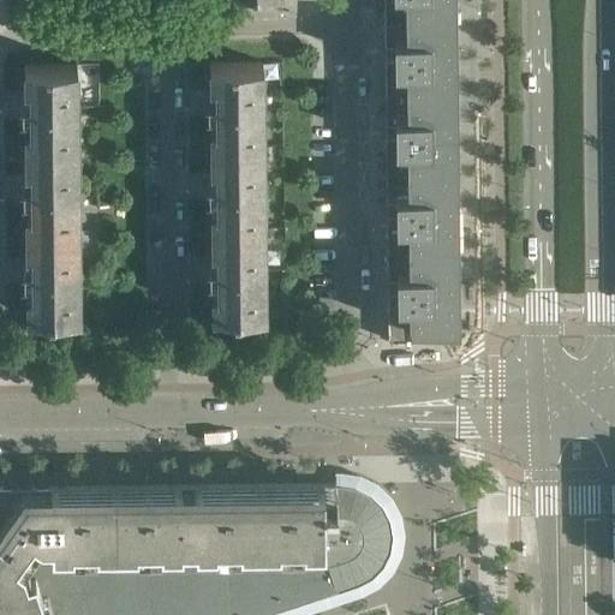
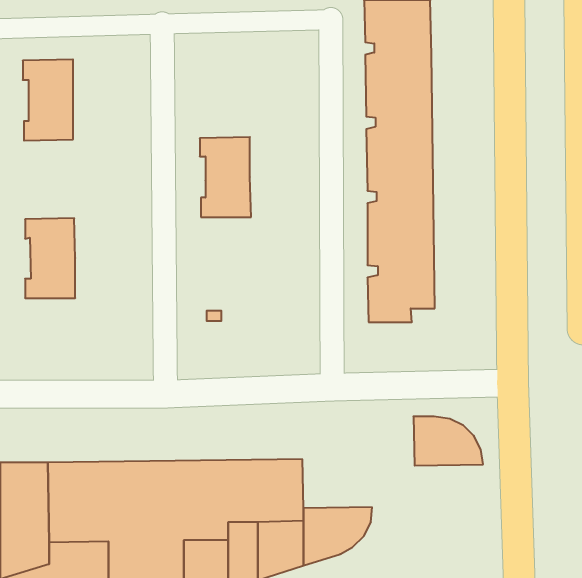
building: [211,67,264,151] -> none
building: [26,153,79,237] -> none
building: [213,234,265,318] -> none
building: [320,489,393,541] -> [413,416,483,466]

